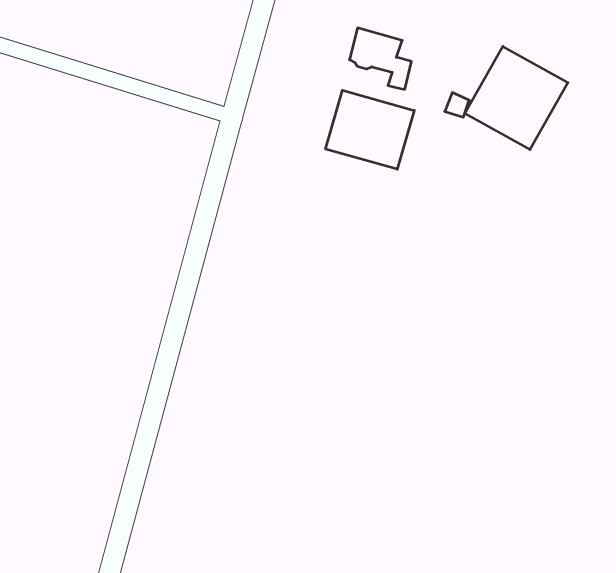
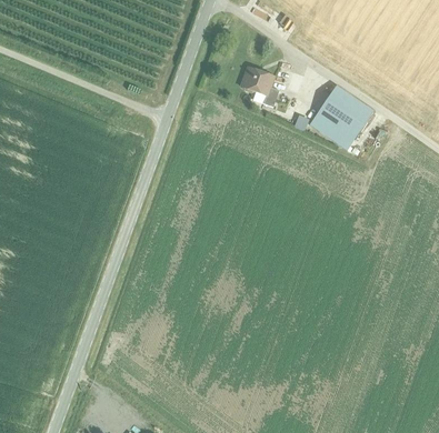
building: [326,90,414,169] -> none

